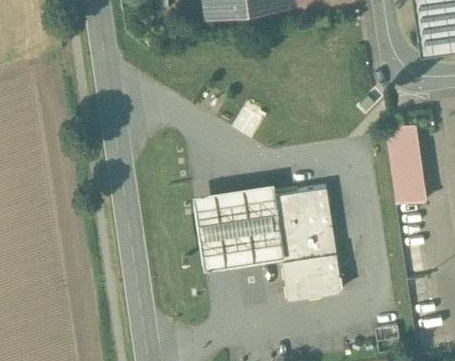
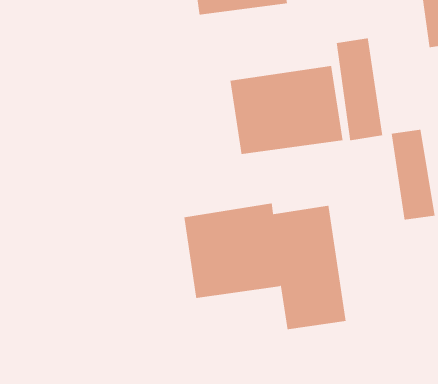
building: none -> [336,37,383,141]
building: none -> [230,65,343,155]

